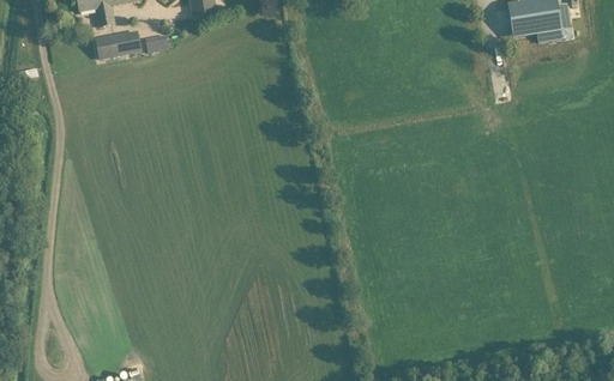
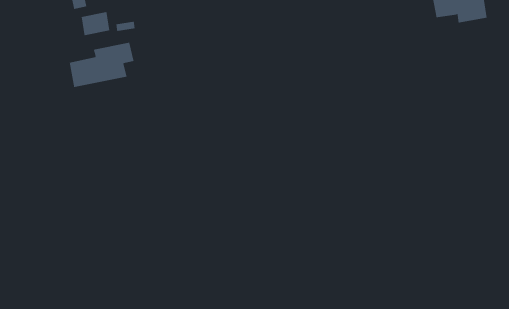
building: none -> [69,42,134,88]

